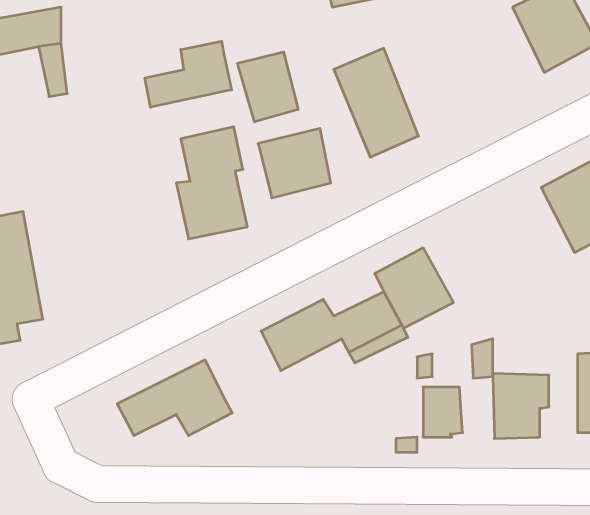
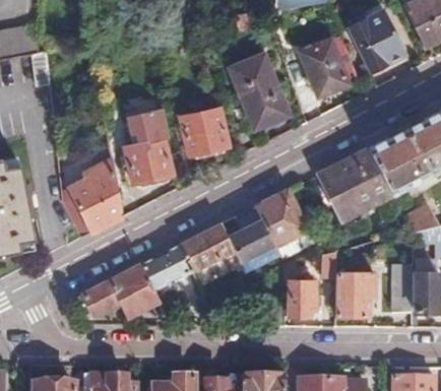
building: none -> [299,40,348,95]
building: [145,41,232,107] -> none
building: [238,52,298,122] -> none
building: none -> [61,144,122,237]
building: none -> [319,148,390,219]
building: none -> [142,245,193,290]

